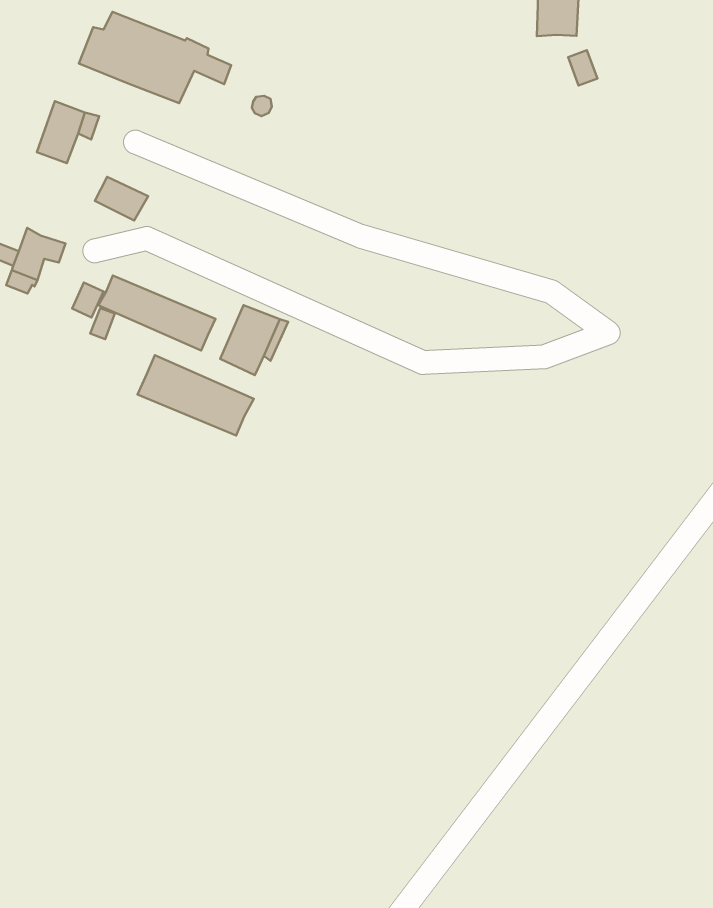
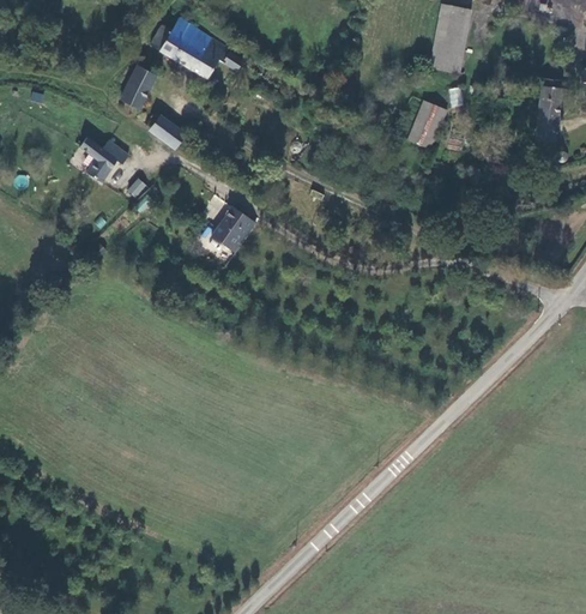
building: none -> [405,101,447,150]
building: [98,276,215,351] -> none
building: [137,355,254,435] -> none

